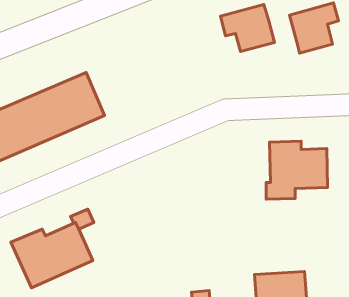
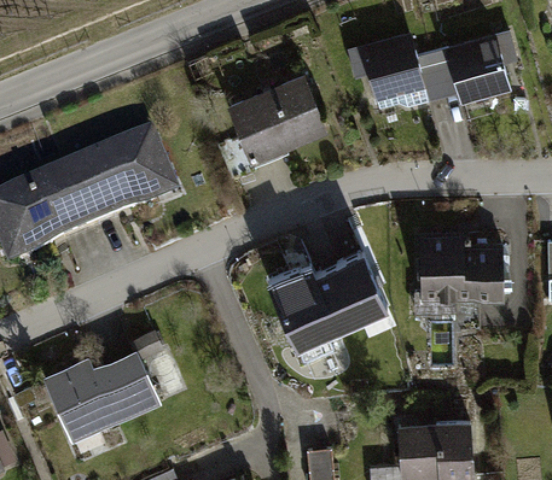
building: none -> [418,48,460,101]
building: none -> [221,76,325,171]
building: none -> [268,251,390,363]

